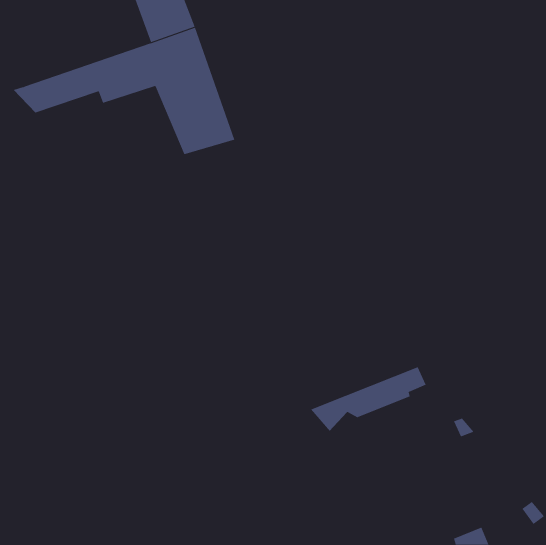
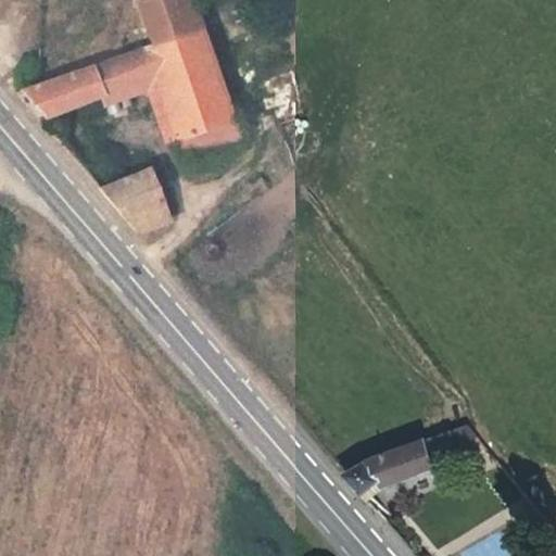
building: none -> [99,167,172,228]
building: [310,367,427,432] -> [348,429,466,495]

